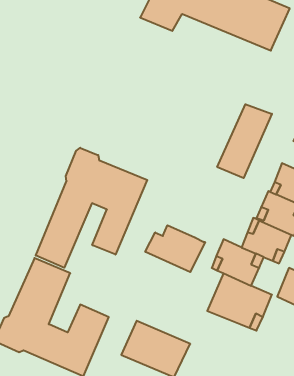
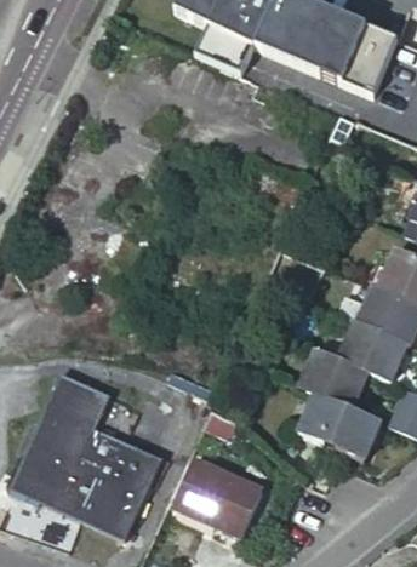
building: [217,104,272,178] -> none
building: [36,148,147,268] -> none
building: [145,225,205,272] -> none

